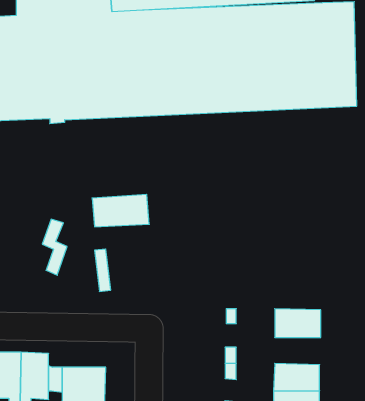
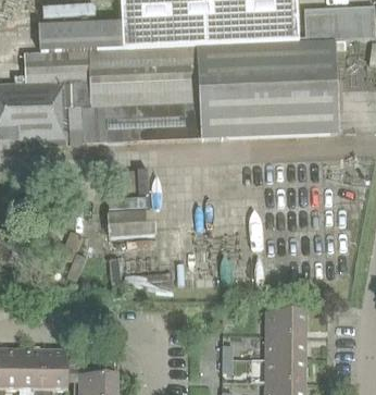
building: none -> [265,335,305,359]

